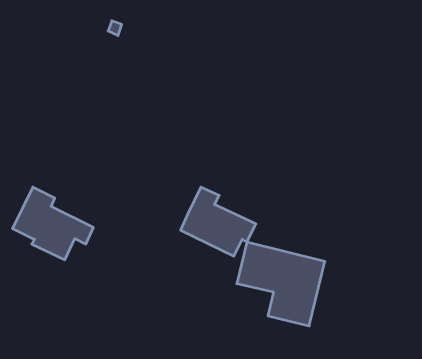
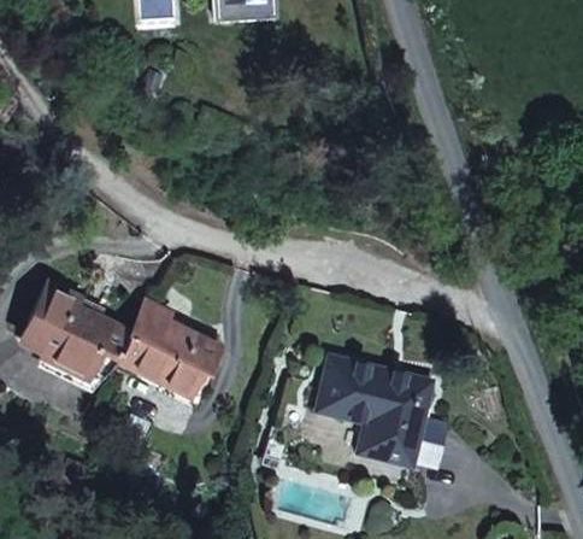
building: [181,187,256,256] -> [119,301,218,392]

